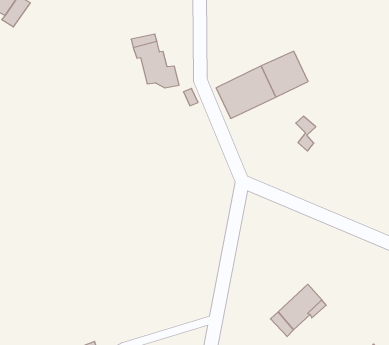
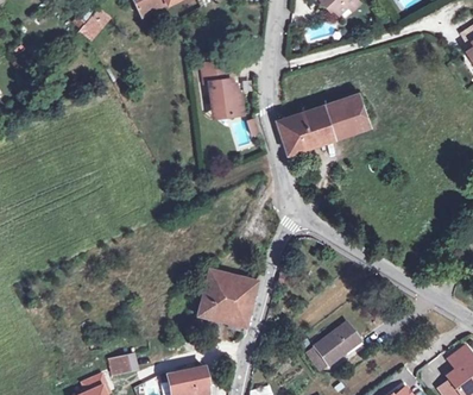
building: none -> [196,270,257,327]

